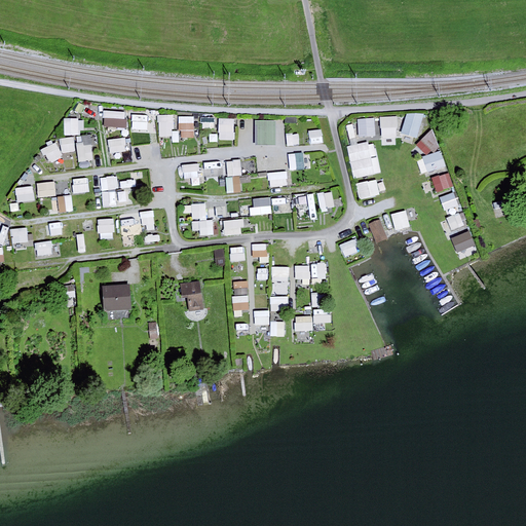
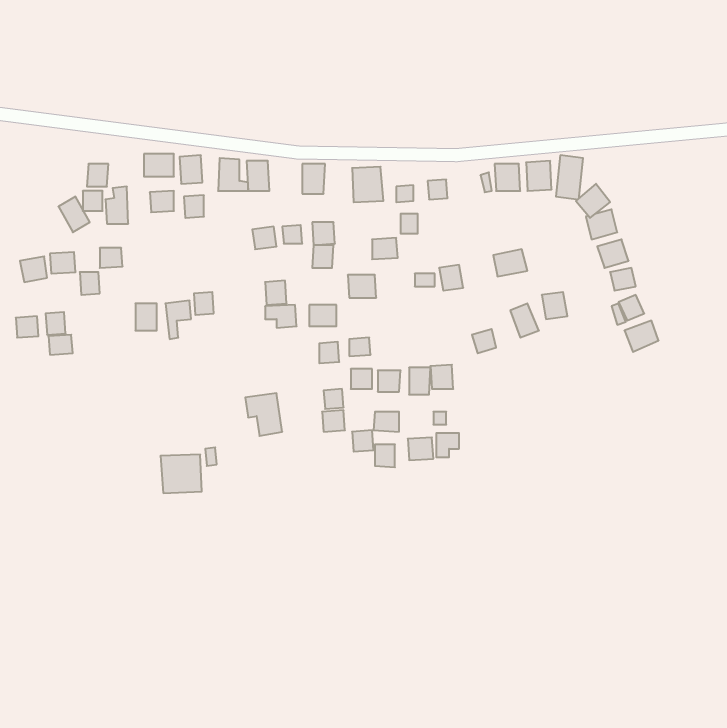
building: [348,142,378,178] -> none
building: [100,176,121,208] -> none
building: [103,287,133,314] -> [160,455,202,493]

